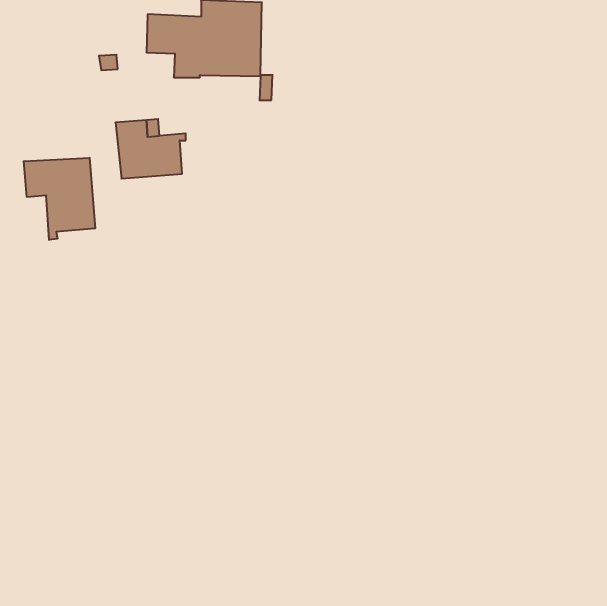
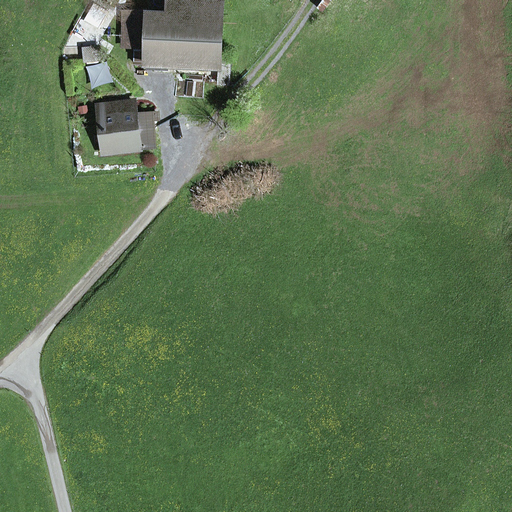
building: [24,158,95,240] -> none

